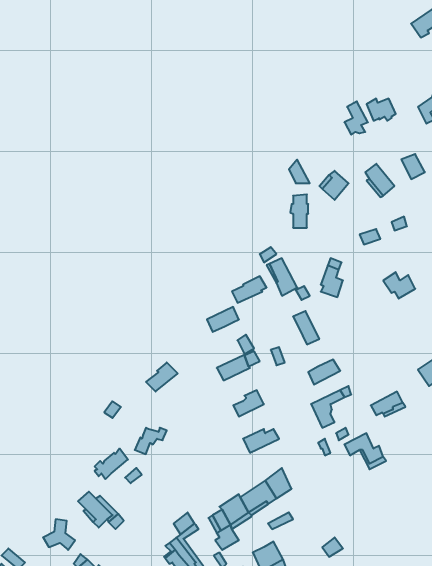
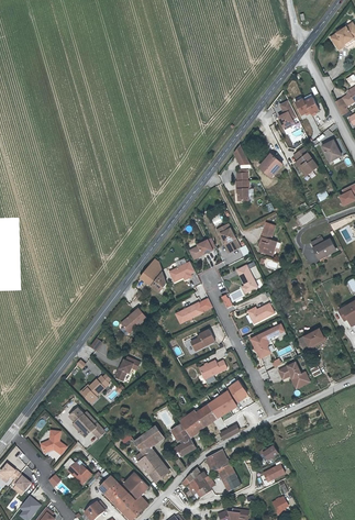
building: none -> [140,257,167,289]

